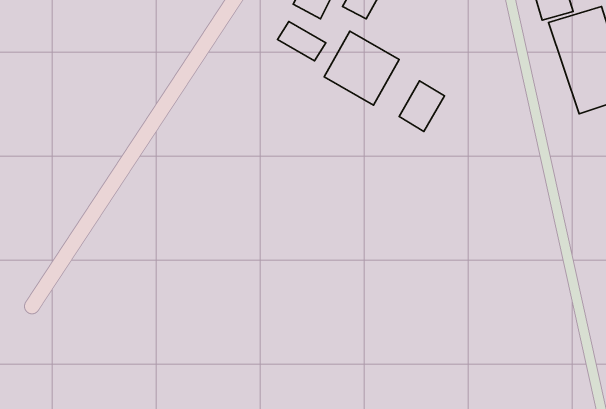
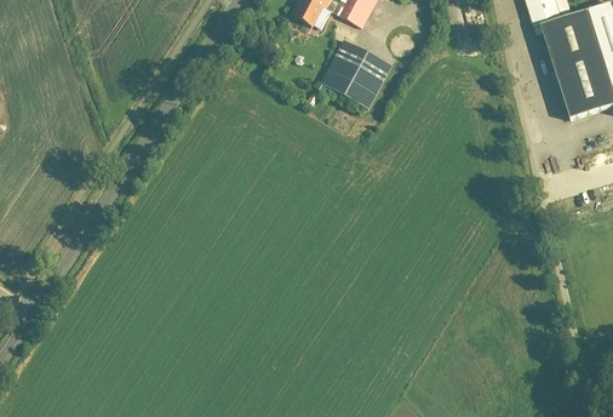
building: [278,22,326,61] -> none
building: [399,81,444,132] -> none

